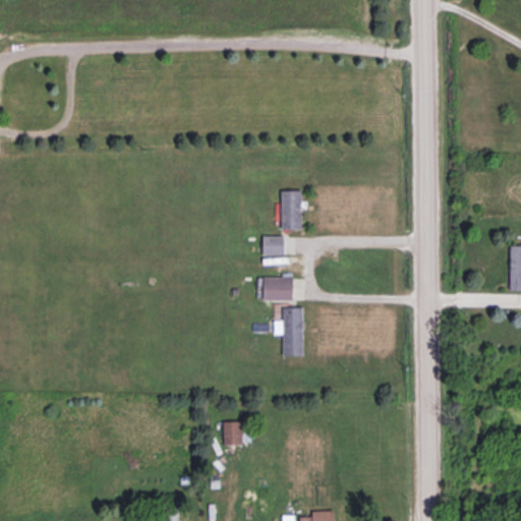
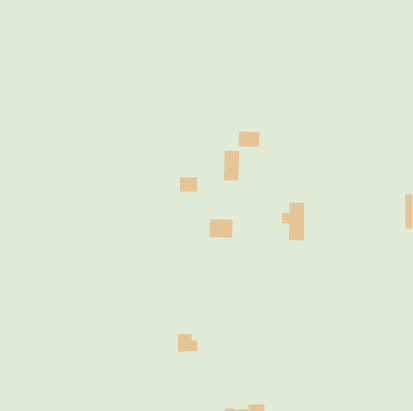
building: none -> [238,131,260,147]
building: [262,237,285,256] -> [179,177,198,192]
building: [274,308,303,357] -> [281,202,305,241]

